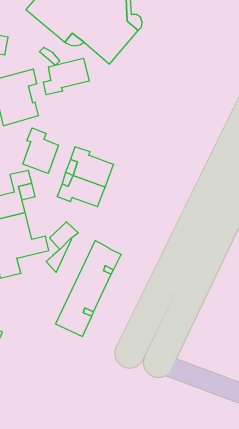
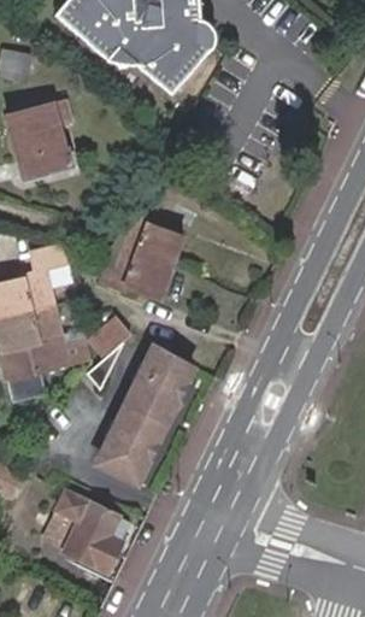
building: [44,58,89,95] -> none
building: [23,128,59,173] -> none
building: none -> [42,490,130,568]

